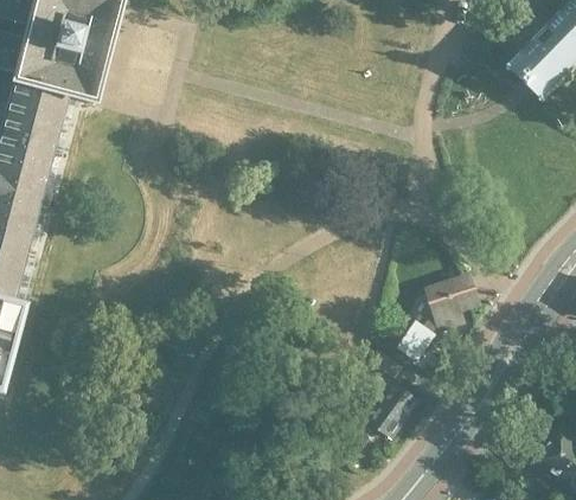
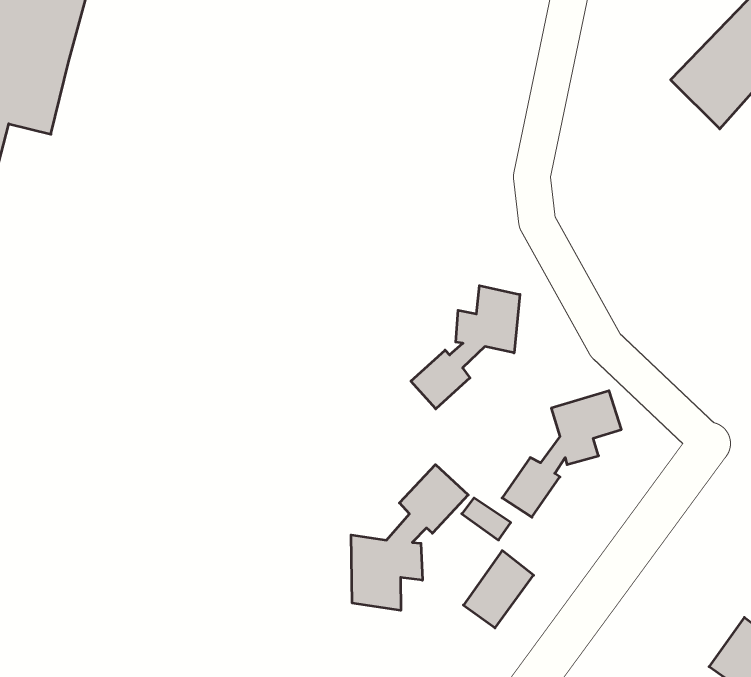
building: none -> [411,286,520,409]
building: none -> [351,465,468,610]

